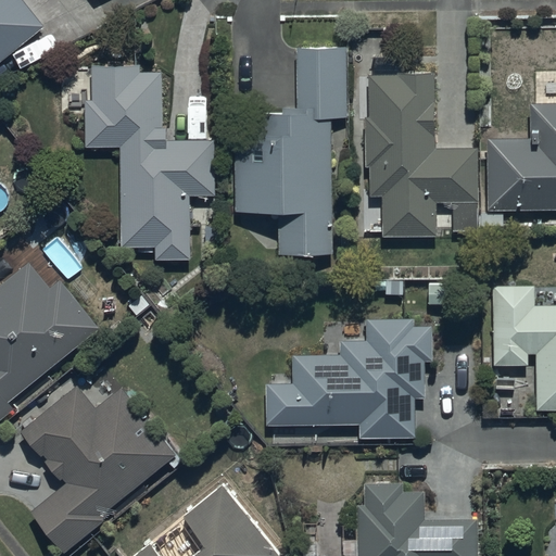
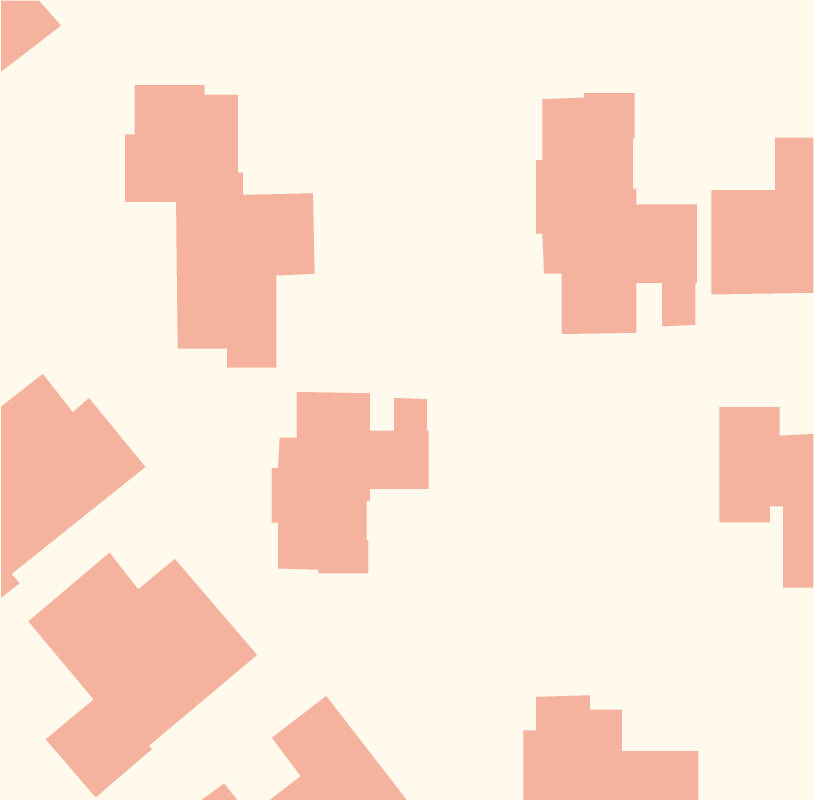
building: [235,48,346,255] -> none
building: none -> [271,391,429,574]
building: [266,321,431,438] -> none

